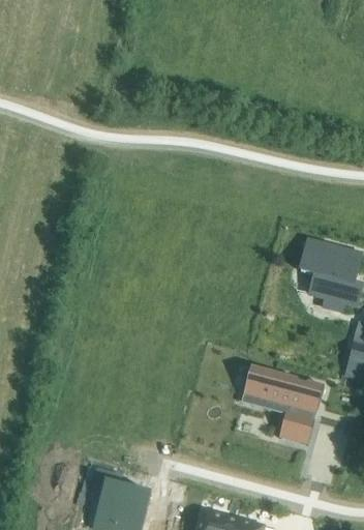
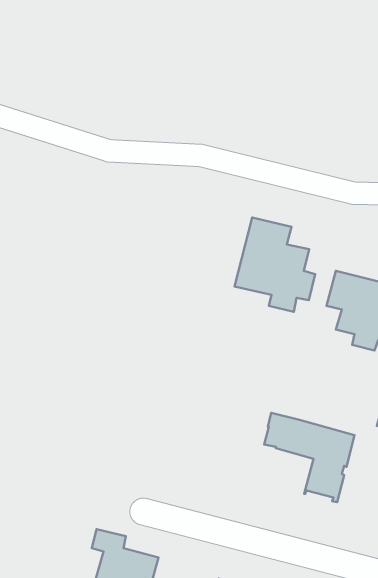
building: none -> [235,217,315,312]

